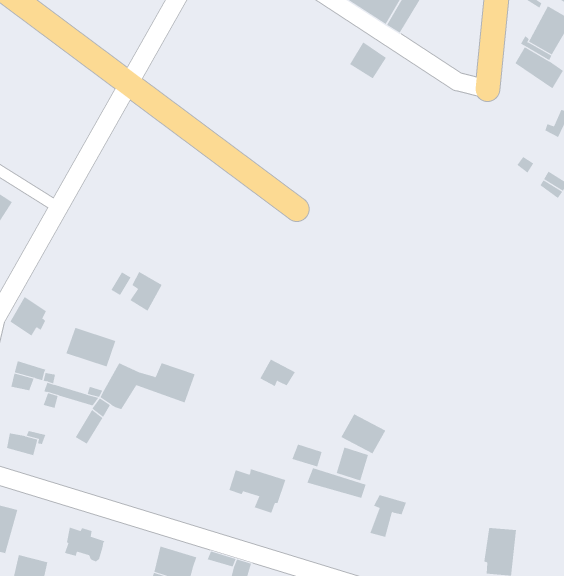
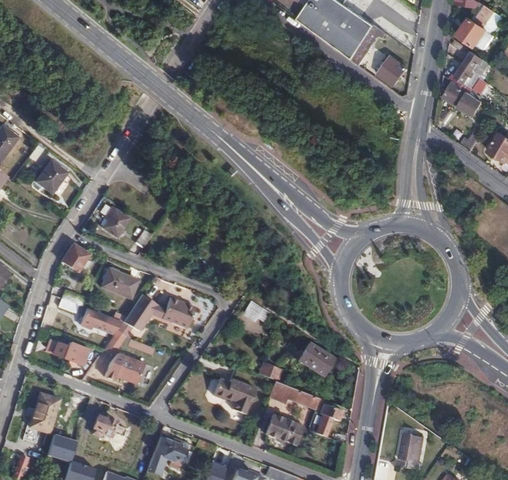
building: [349,42,387,79] -> [376,56,404,84]
building: [130,271,163,311] -> [102,206,127,236]
building: none -> [104,352,143,383]
building: [336,447,369,481] -> [276,419,301,445]

